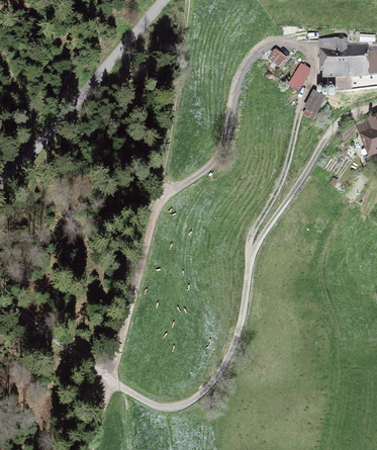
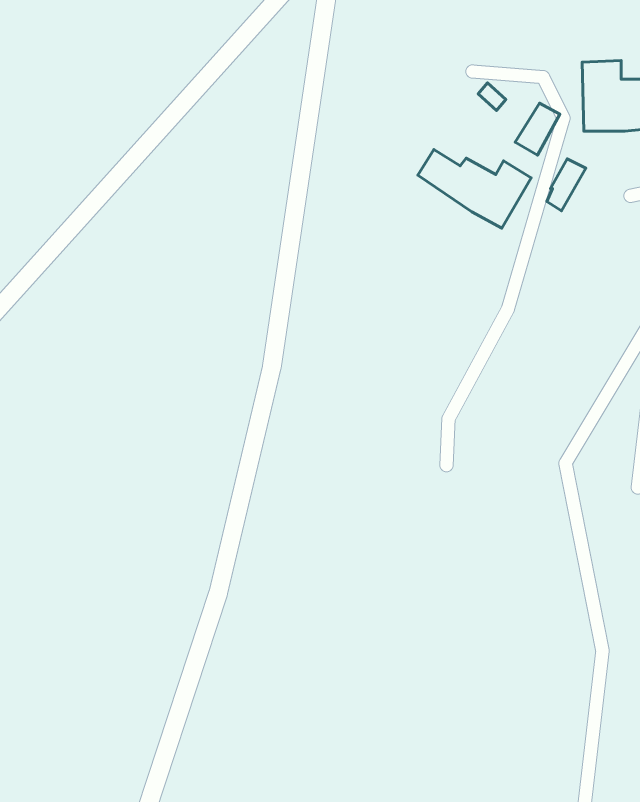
building: none -> [418,150,531,228]

